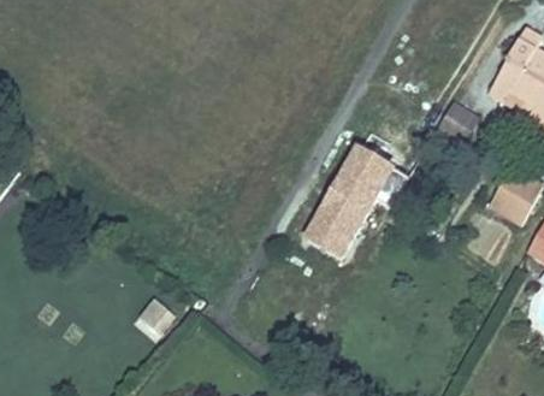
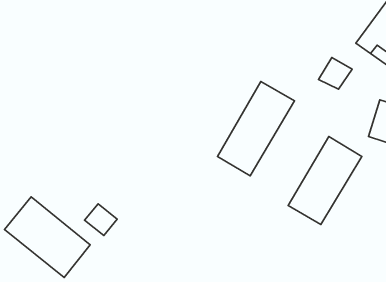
building: none -> [288,136,362,225]
building: none -> [4,197,90,277]

